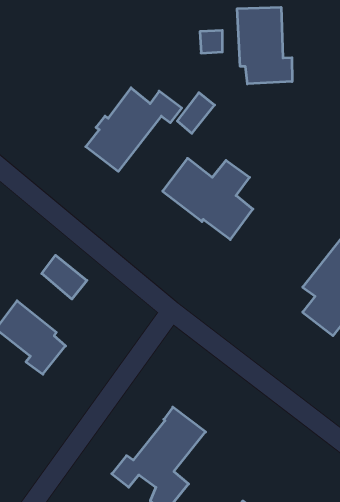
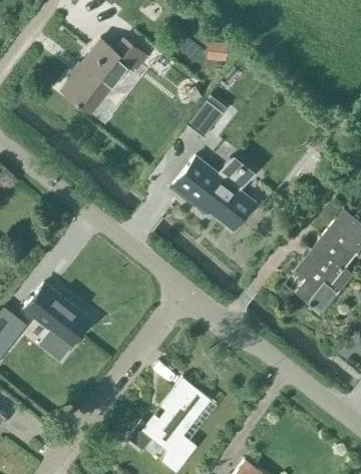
building: [237,7,292,84] -> none
building: [86,88,182,171] -> [59,39,144,113]
building: [42,255,87,299] -> none

